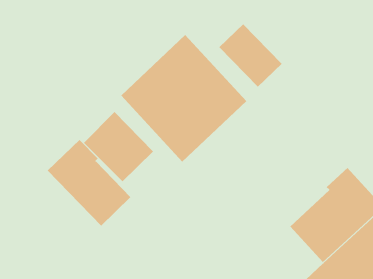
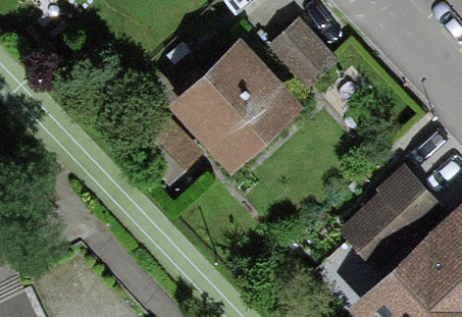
building: [47,139,131,226] -> none

